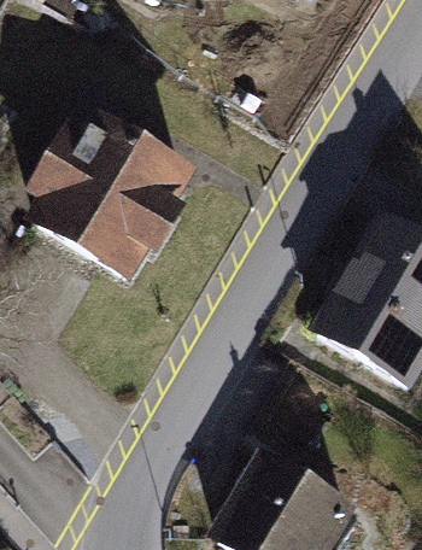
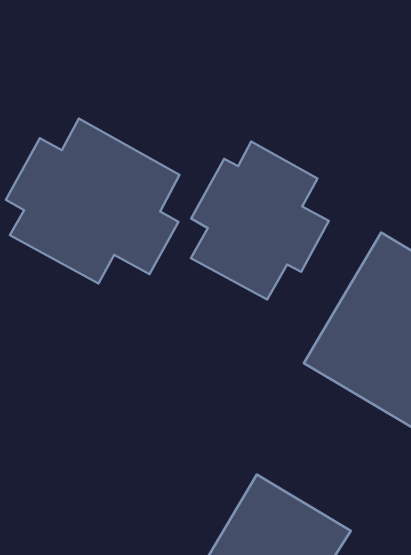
building: none -> [191,142,329,300]

